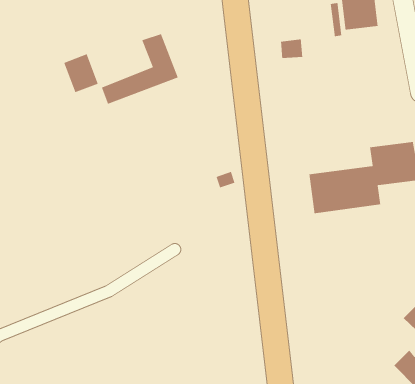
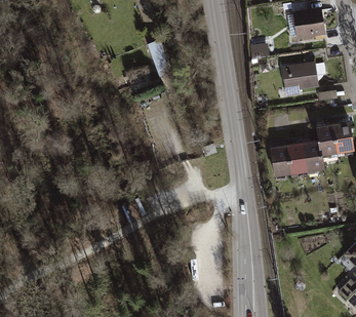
building: [63,53,99,93] -> none
building: none -> [282,61,318,95]

